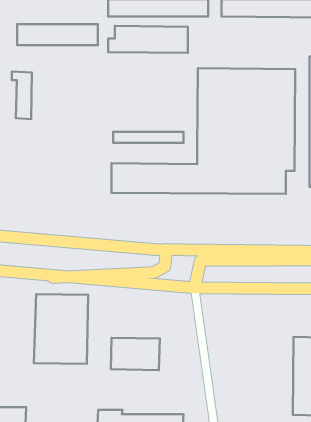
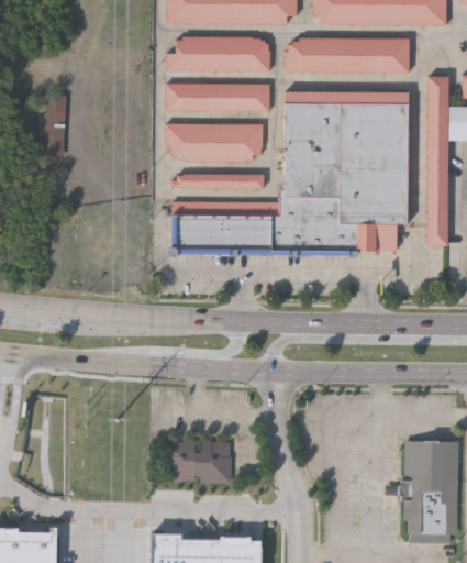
building: [17,24,98,45] -> [165,84,269,111]
building: none -> [286,37,409,71]
building: none -> [167,123,262,161]
building: [34,294,88,364] -> none

